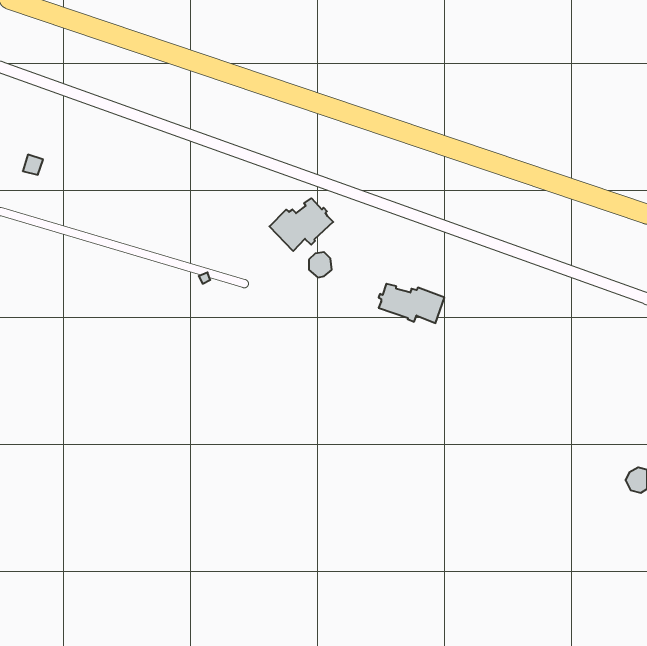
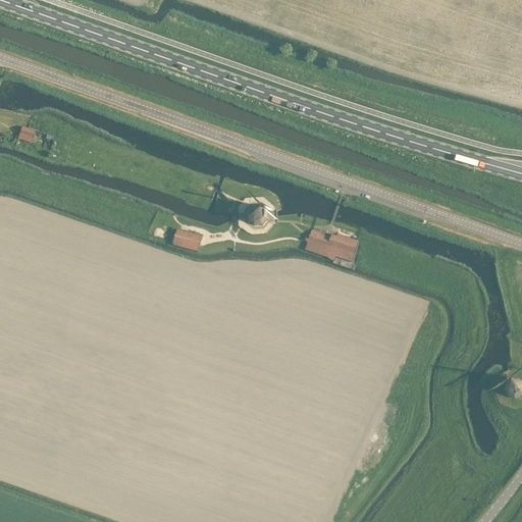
building: [269,198,333,251] -> none
building: none -> [173,228,202,251]

